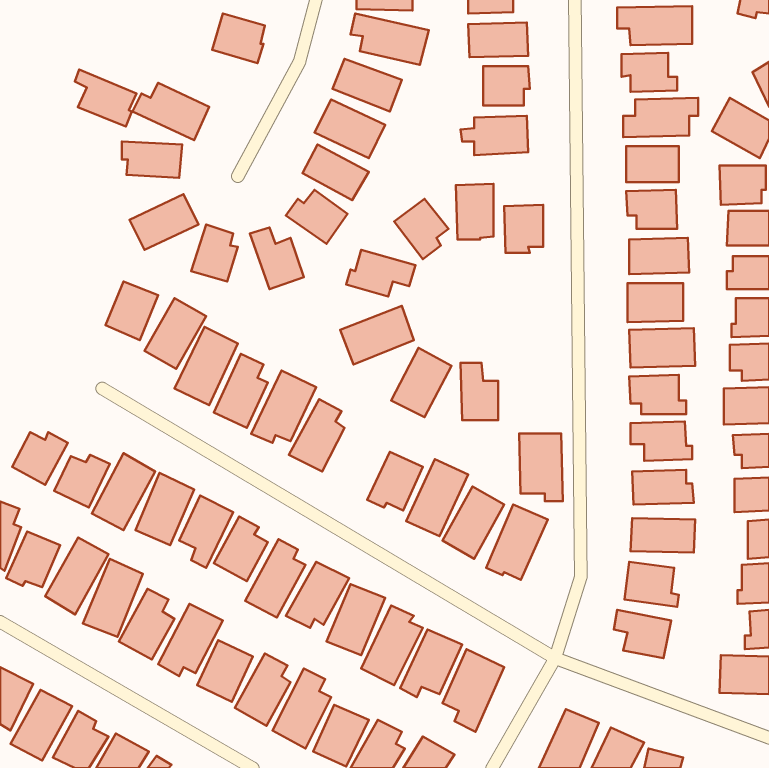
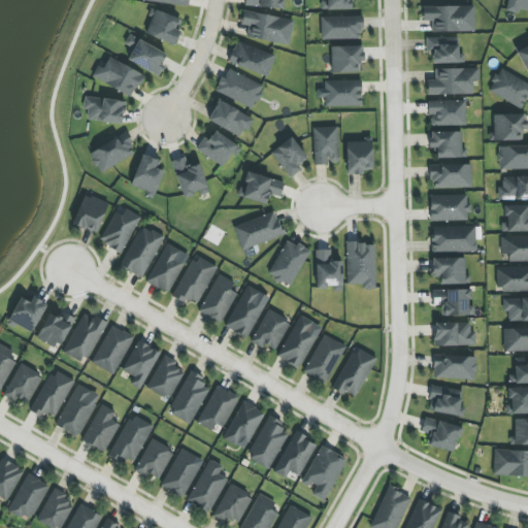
building: [75,69,136,127] -> [125,35,167,74]
building: none -> [224,285,269,338]
building: [519,433,563,501] -> [345,242,375,289]

